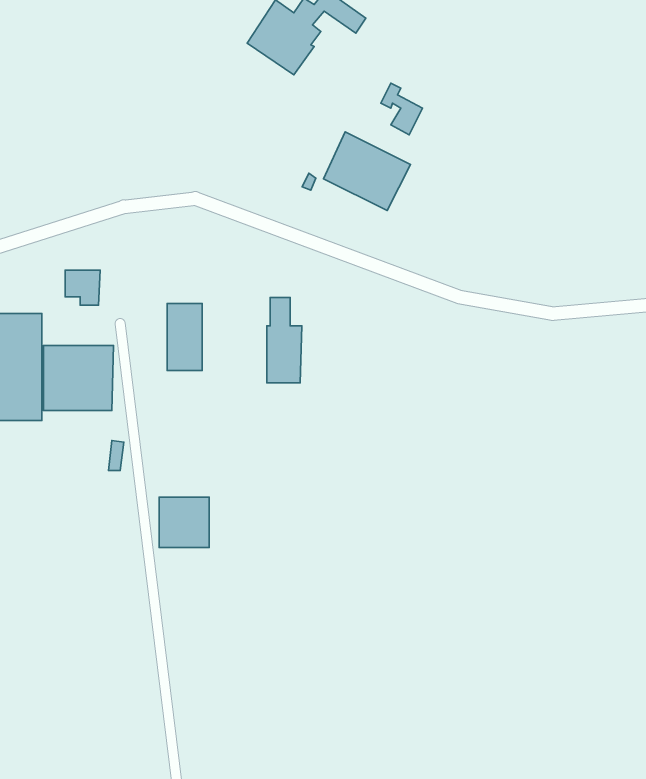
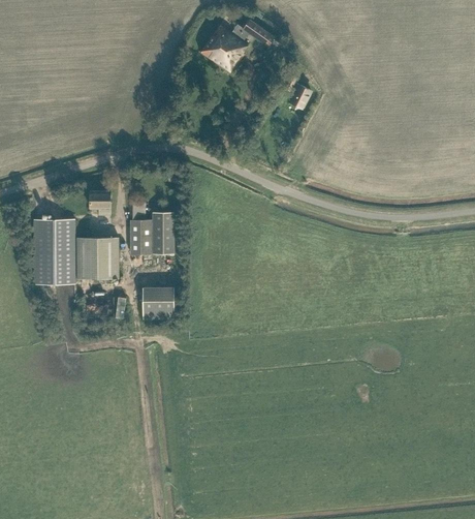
building: [324,132,410,211] -> none
building: [267,298,302,383] -> [130,203,152,255]
building: [159,497,209,547] -> [142,288,173,319]

